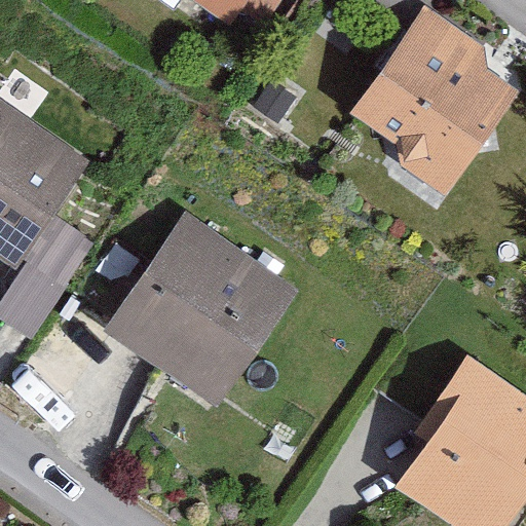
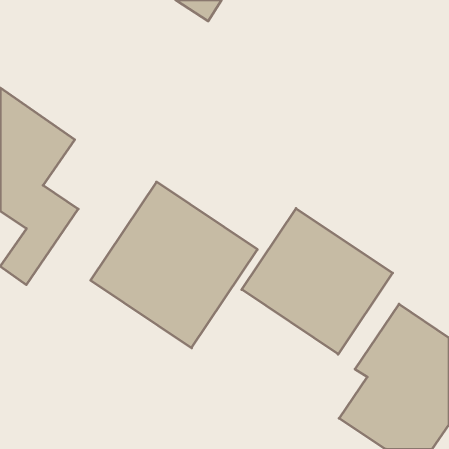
building: [359,12,512,191] -> none
building: none -> [242,208,393,354]

